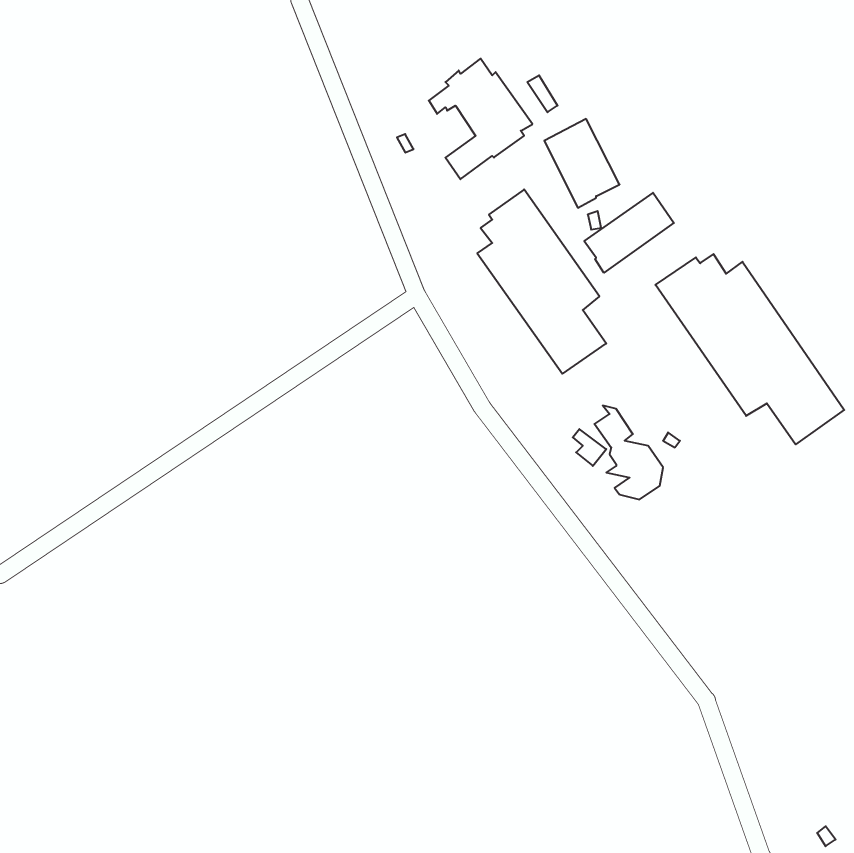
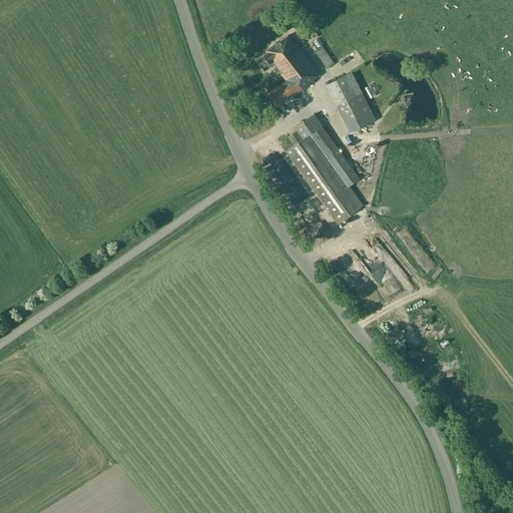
building: [584,193,674,273] -> none
building: [655,254,844,444] -> none

